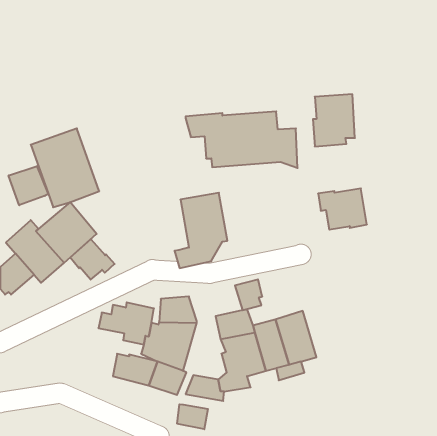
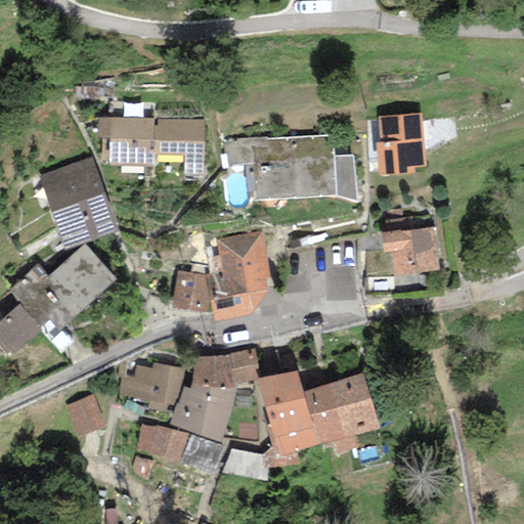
building: none -> [96,117,203,174]
building: [9,166,48,205] -> none
building: none -> [171,271,214,312]
building: [70,239,115,280] -> none
building: [235,279,262,310] -> [226,347,259,384]
building: none -> [66,394,104,436]
building: [177,404,208,429] -> none

